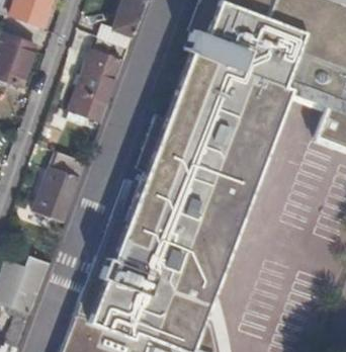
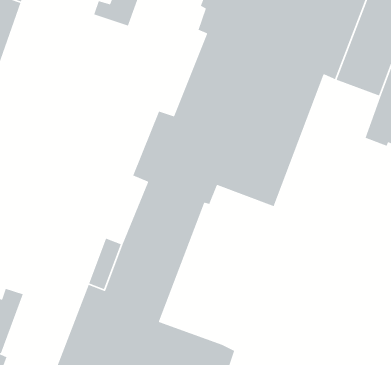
building: [72,35,131,119] -> none
building: [35,150,90,224] -> none
building: [157,173,249,300] -> none

